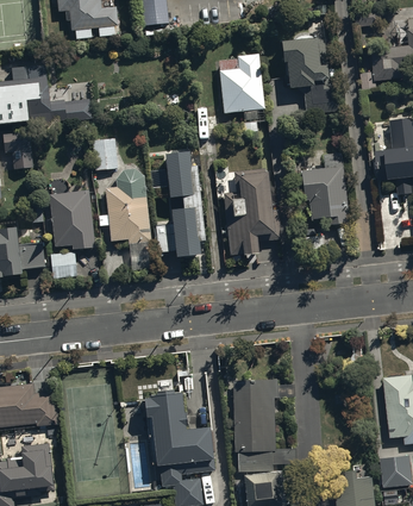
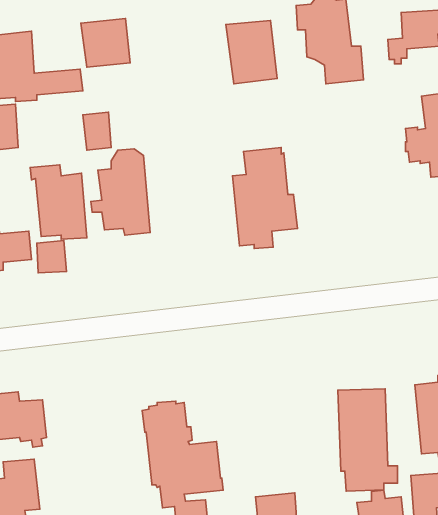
building: none -> [81,19,130,67]
building: [301,152,349,225] -> none
building: [156,154,205,260] -> none
building: [232,380,284,470] -> [338,389,397,491]

